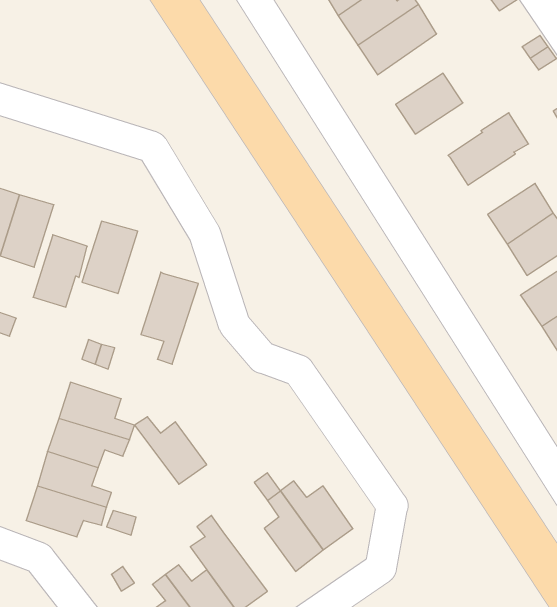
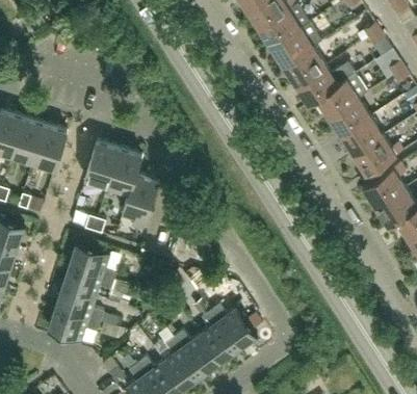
building: none -> [271,23,321,68]
building: none -> [295,62,355,106]
building: none -> [329,99,371,137]
building: [33,235,87,307] -> [107,148,141,193]
building: [134,417,207,484] -> [174,333,219,375]

